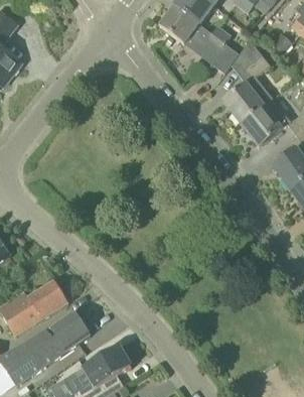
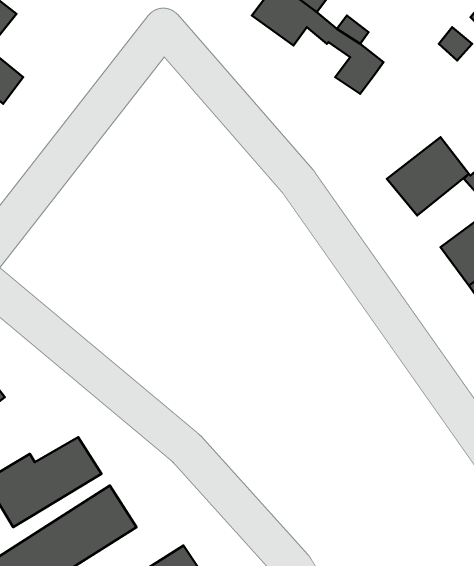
building: [221,39,272,124] -> none

